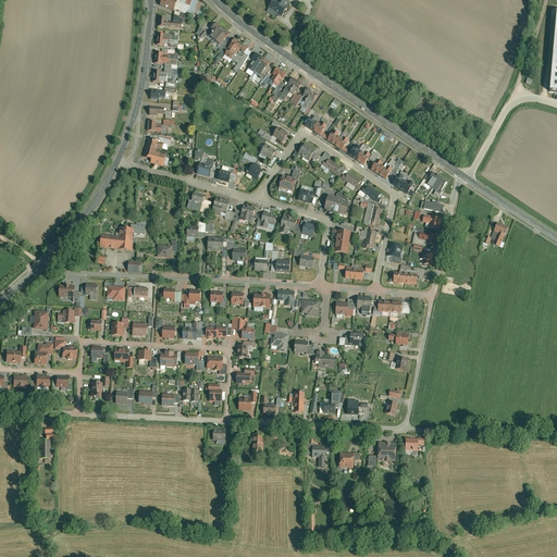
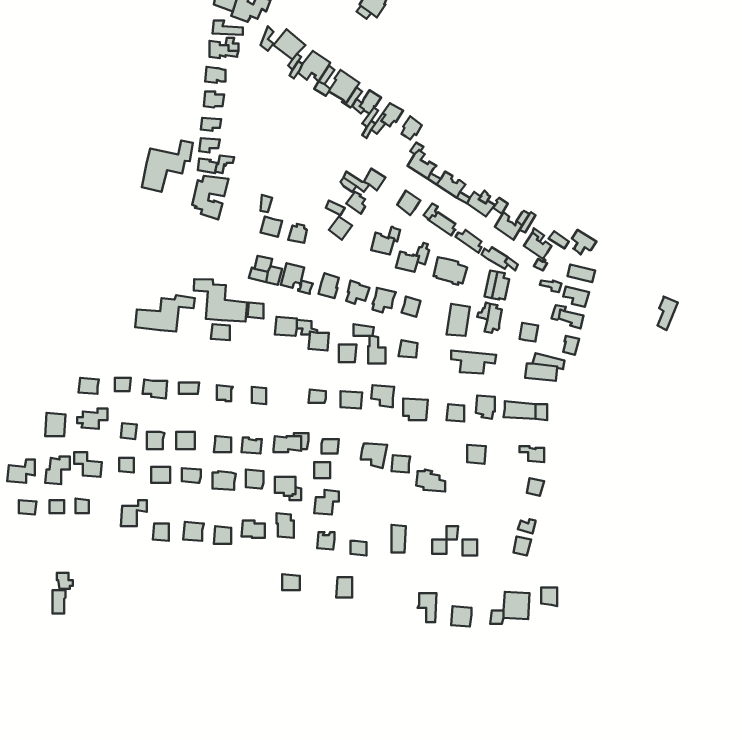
building: none -> [142,141,193,192]
building: none -> [194,279,247,322]

